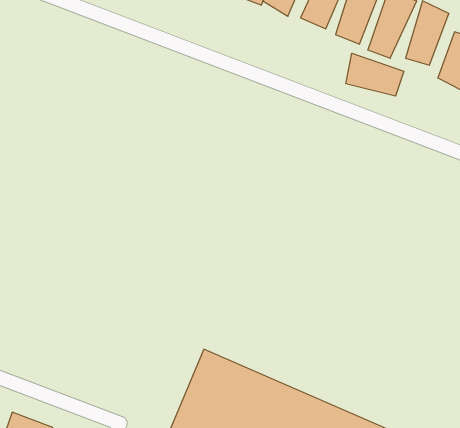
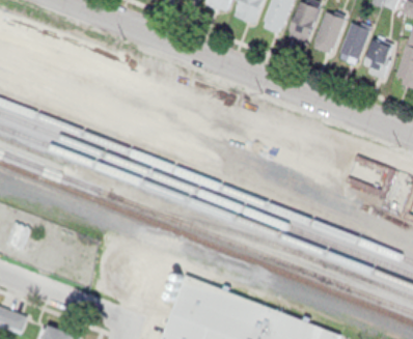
building: [346,53,404,96] -> none

